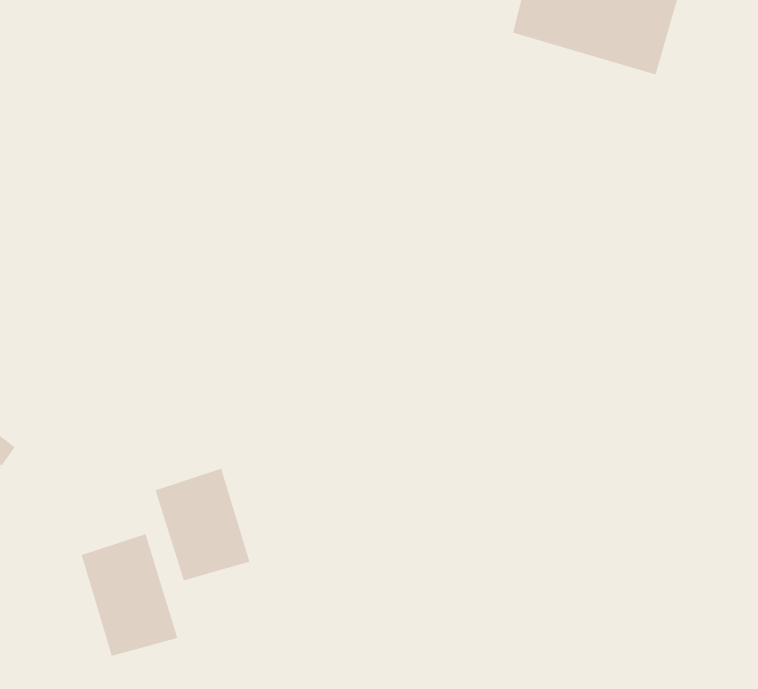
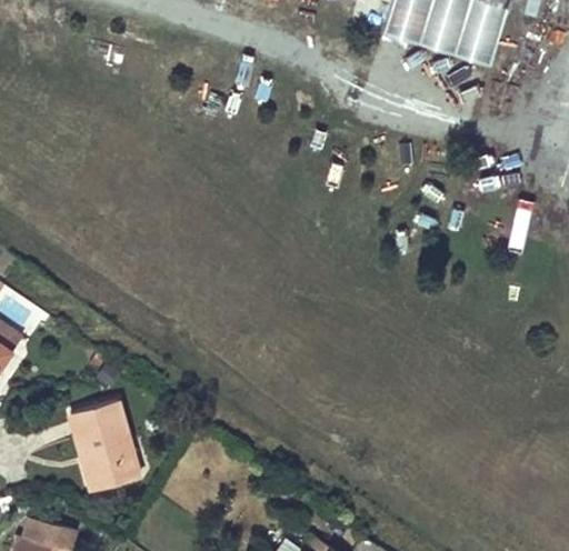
building: [155,468,250,581] -> none

